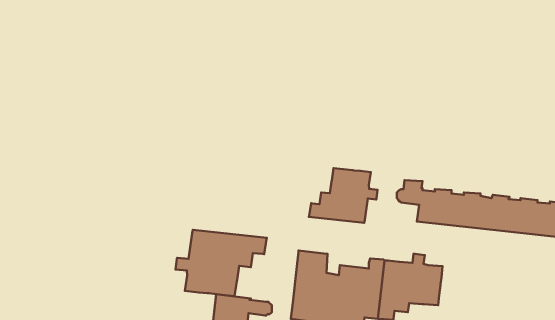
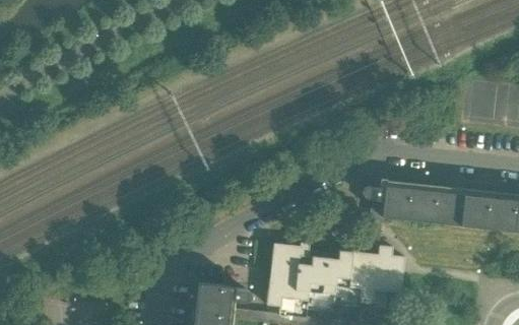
building: [309,168,378,223] -> none
building: [176,230,267,296] -> none

